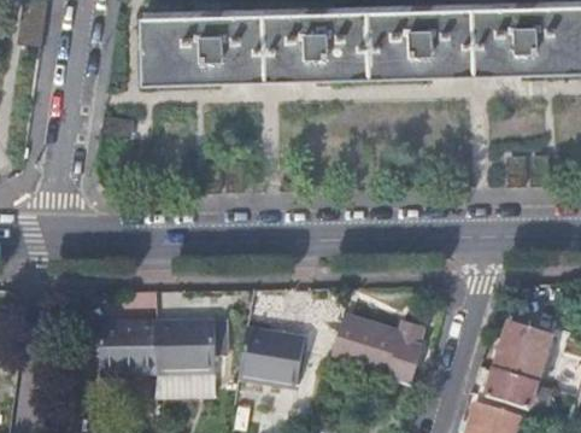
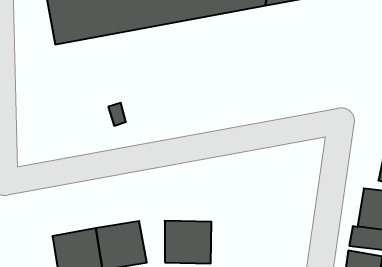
building: [329,317,426,387] -> none

